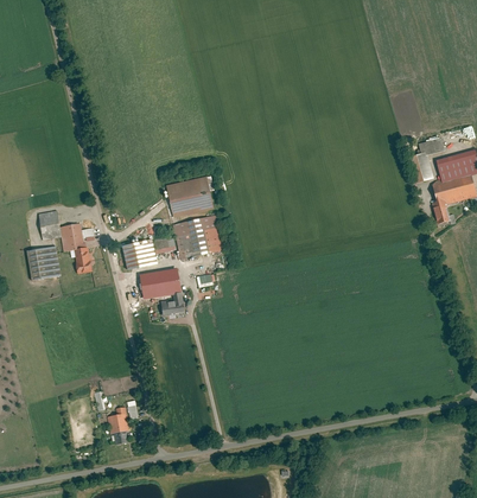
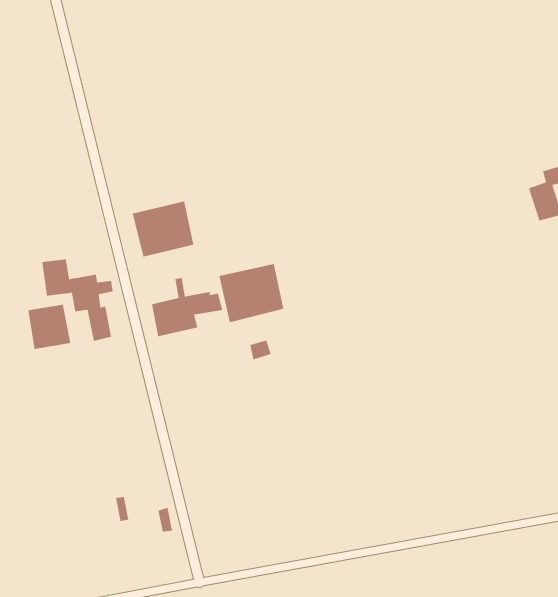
building: [165,175,212,218] -> [132,201,194,257]
building: [139,268,184,315] -> none
building: [106,407,129,445] -> none

